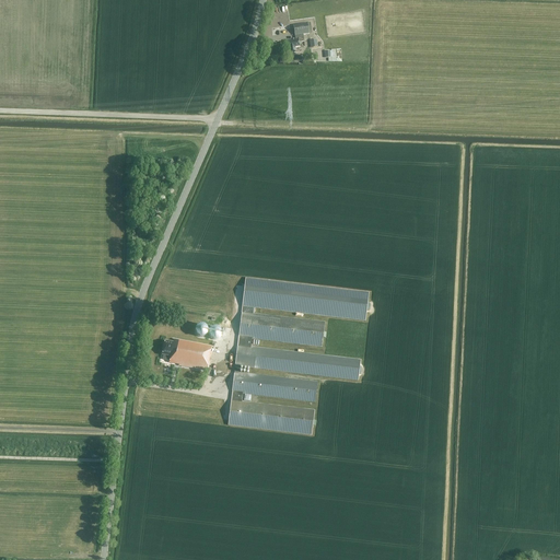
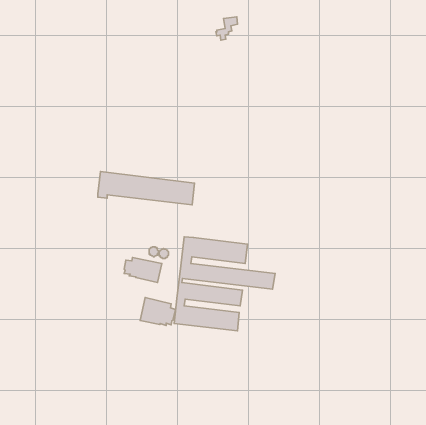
building: [242,277,369,320] -> [98,171,195,205]
building: none -> [140,298,176,325]

